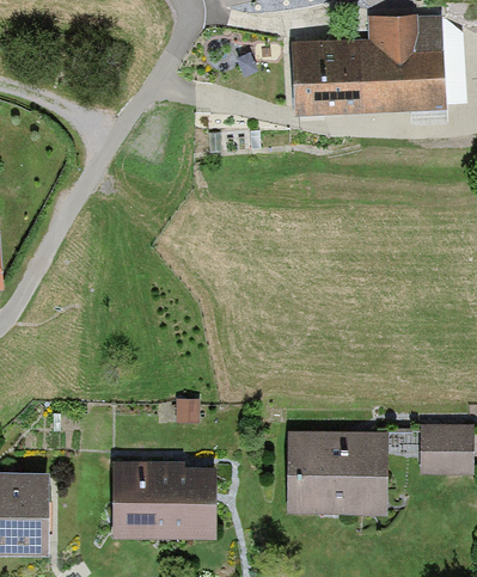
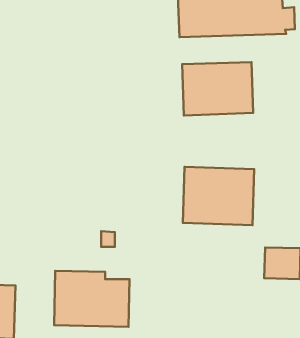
building: none -> [182,62,253,116]
building: [286,426,391,512] -> [183,167,254,225]

